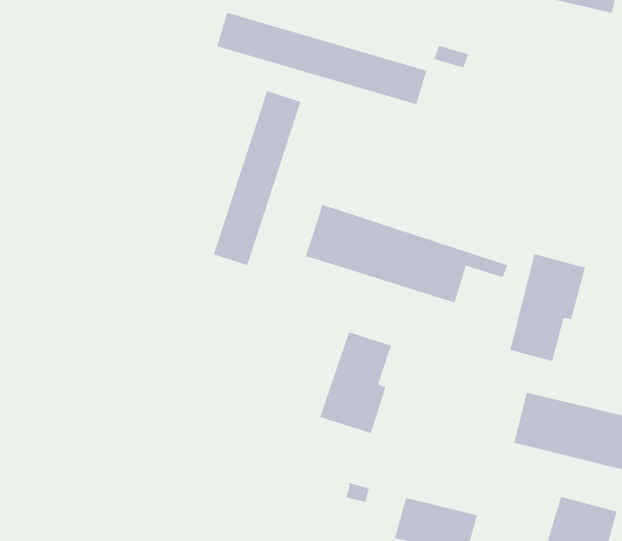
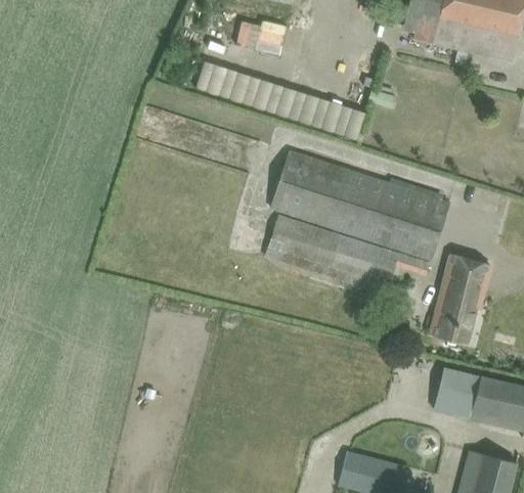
building: [213,90,301,266] -> none
building: none -> [271,149,448,258]
building: [320,331,391,434] -> none

